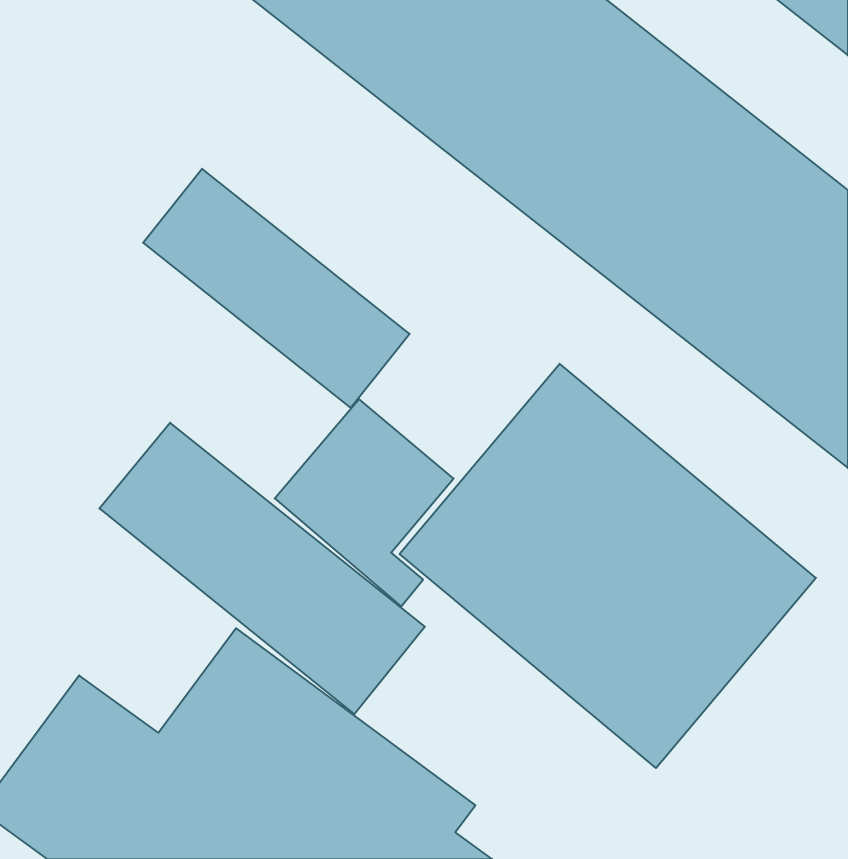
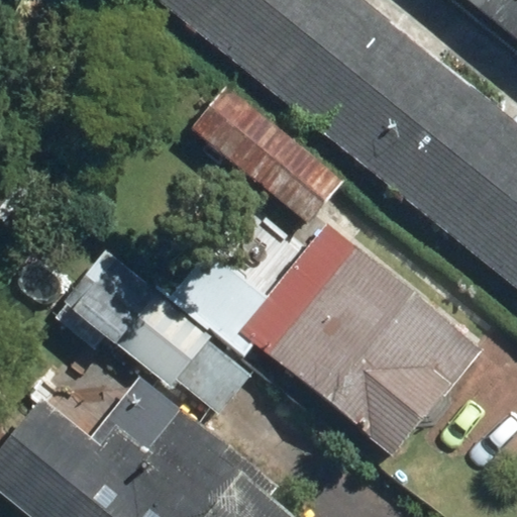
building: [143,169,410,408] -> [186,81,345,224]

